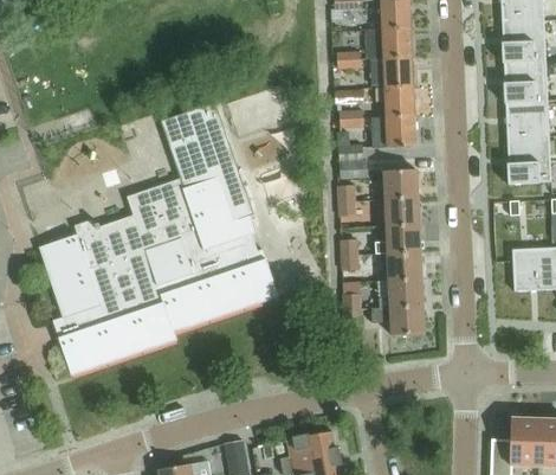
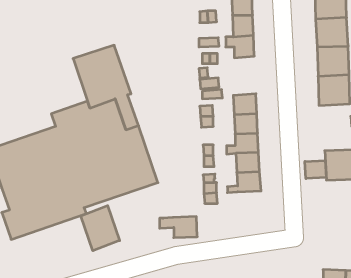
building: [373,115,415,147] -> none
building: none -> [305,160,326,179]
building: [371,306,425,335] -> [160,217,197,238]
building: none -> [81,206,120,251]

